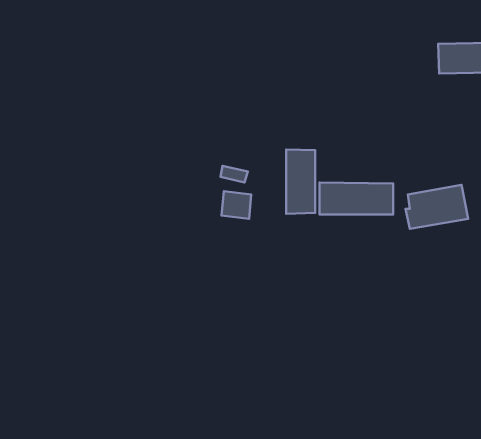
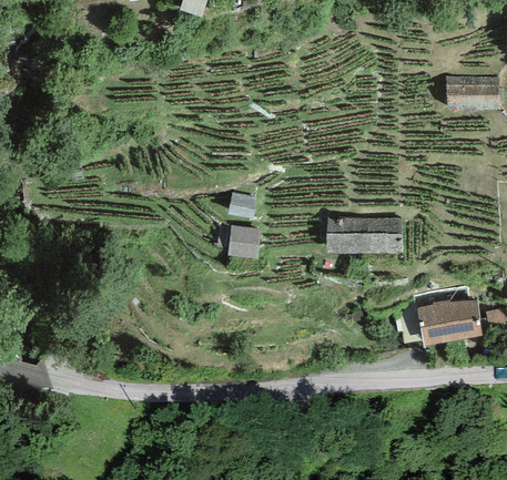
building: [286,150,315,214] -> none
building: [406,185,468,229] -> [418,297,481,341]

